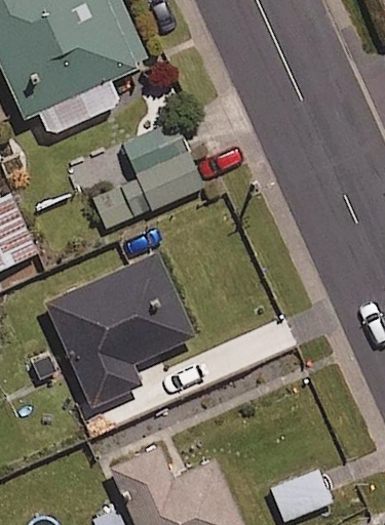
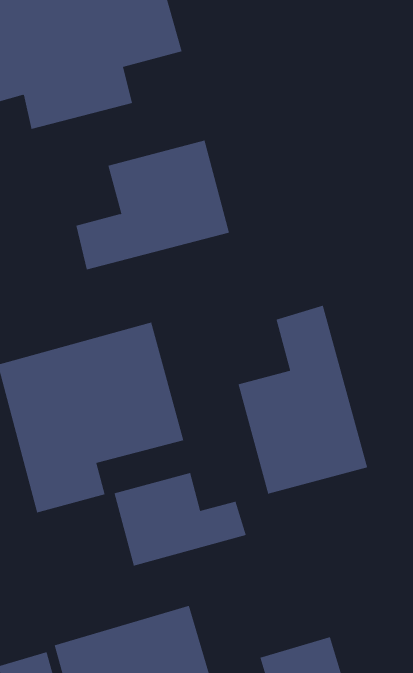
building: none -> [238,305,368,495]
building: none -> [114,472,246,567]

